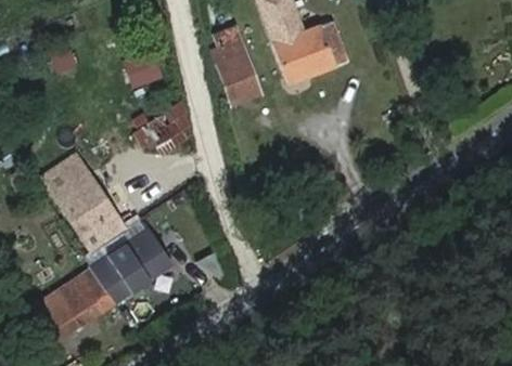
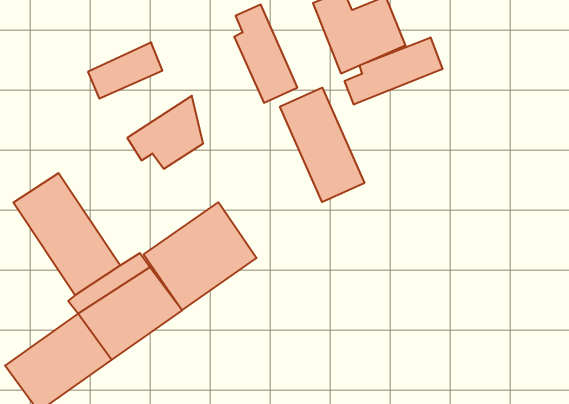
building: none -> [345,37,442,105]
building: none -> [280,88,364,202]
building: none -> [144,202,257,310]

